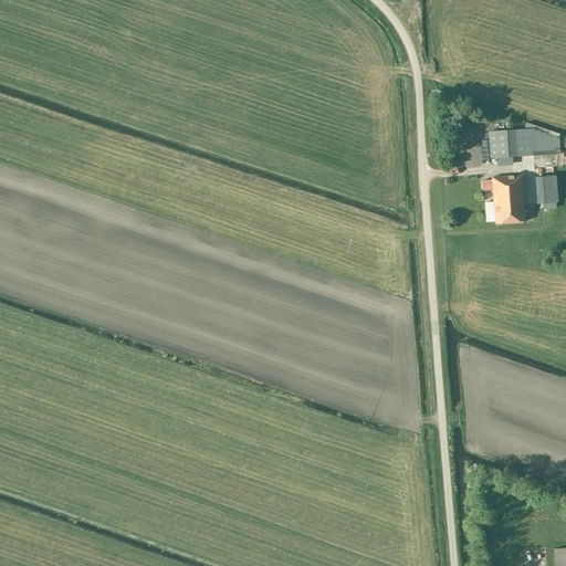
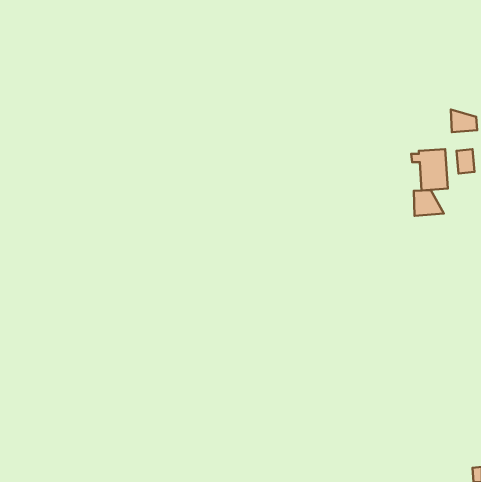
building: [489,128,531,157] -> none
building: none -> [414,190,444,216]

